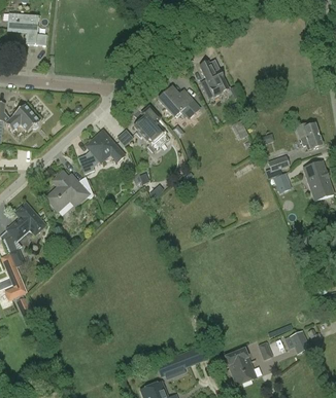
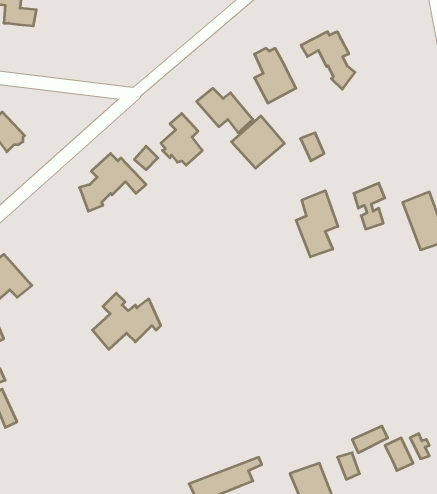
building: none -> [301,32,355,89]
building: none -> [231,116,284,168]
building: [295,122,322,148] -> none
building: none -> [296,191,338,257]
building: [45,171,93,210] -> [92,293,161,349]

